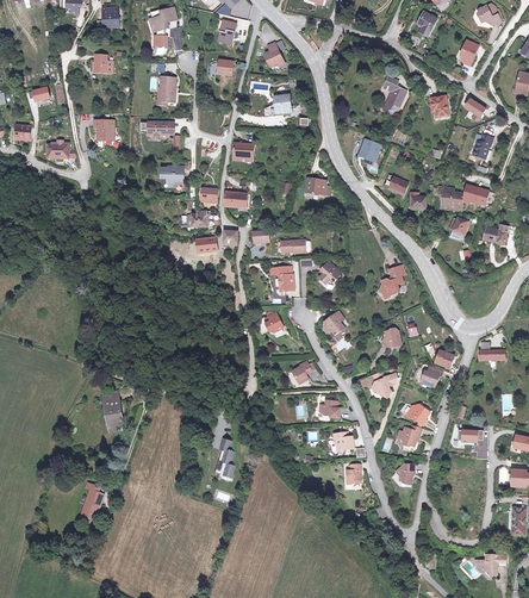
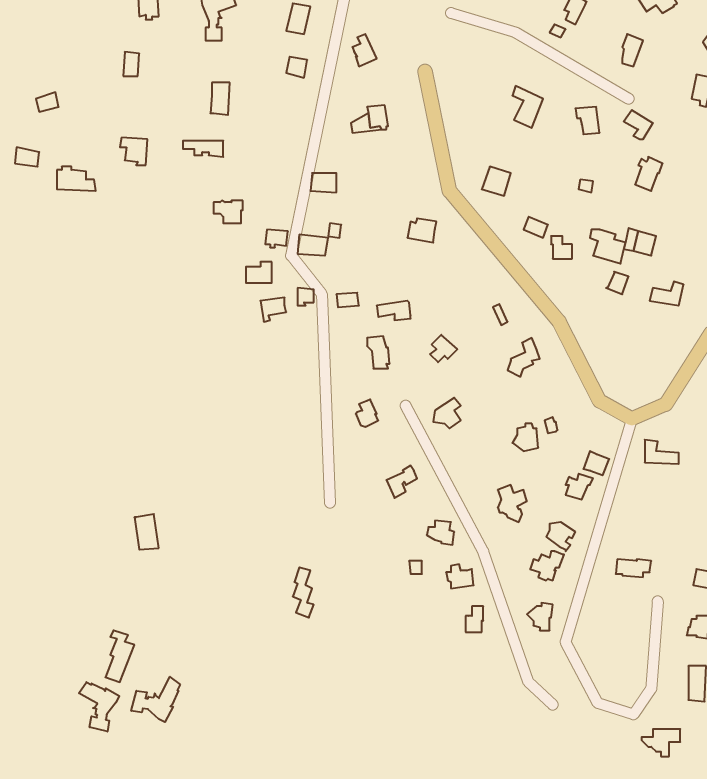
building: none -> [131,677,180,722]
building: none -> [79,682,119,732]

